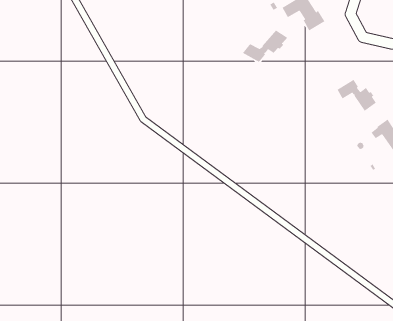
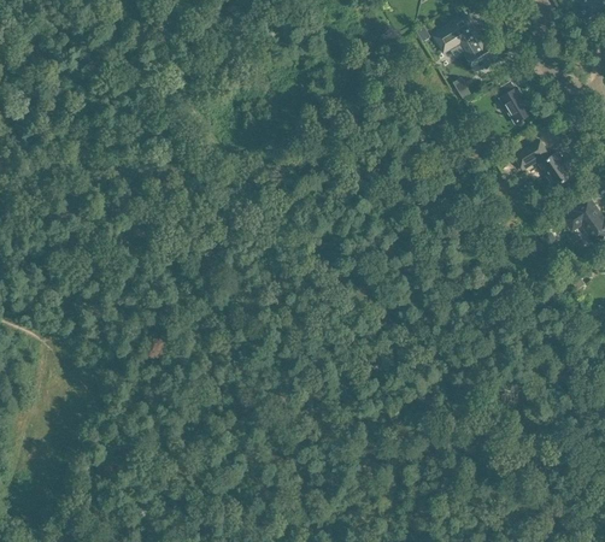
building: [242,29,288,63] -> none
building: none -> [499,82,534,124]

